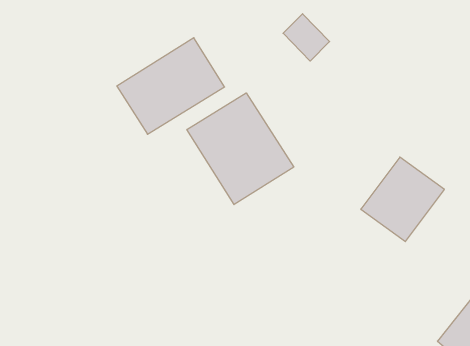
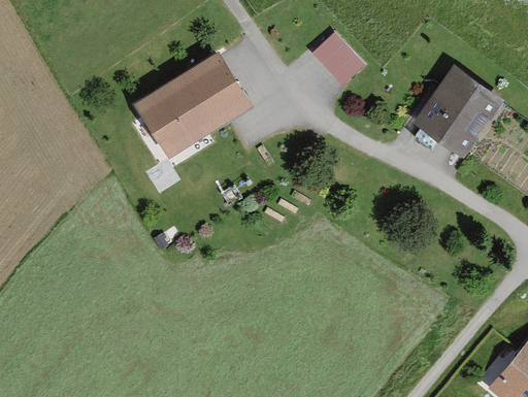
building: [187,93,294,205] -> none
building: [361,157,444,242] -> [412,65,505,159]

